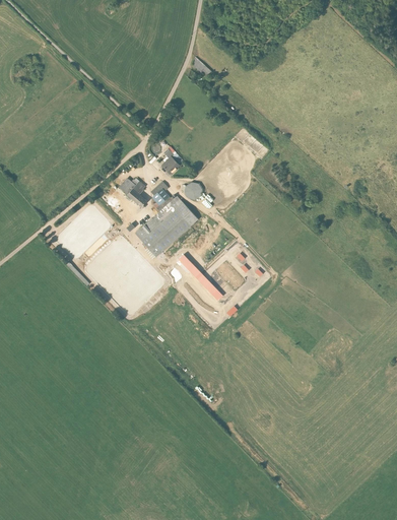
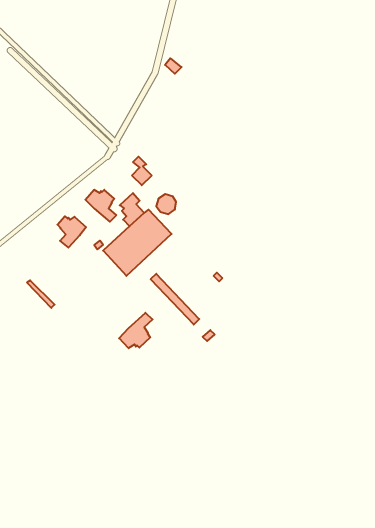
building: none -> [57,216,86,248]
building: none -> [119,313,153,348]

